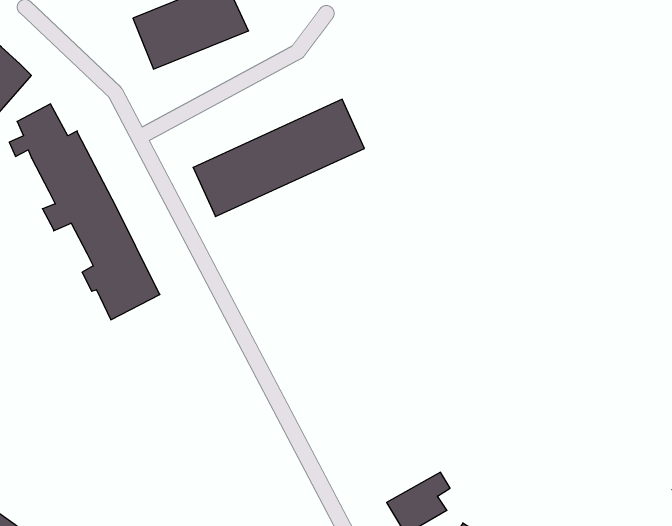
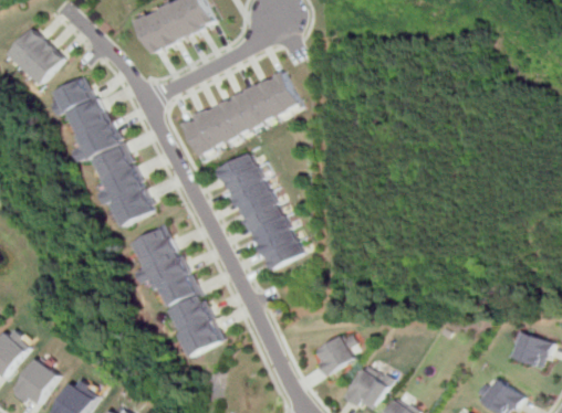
building: none -> [212,152,295,268]
building: none -> [133,227,221,357]

